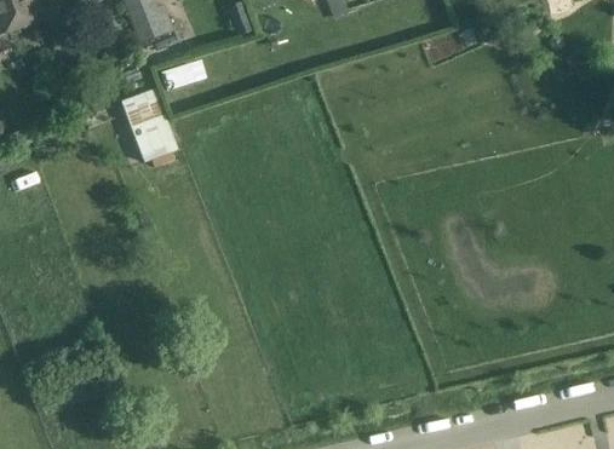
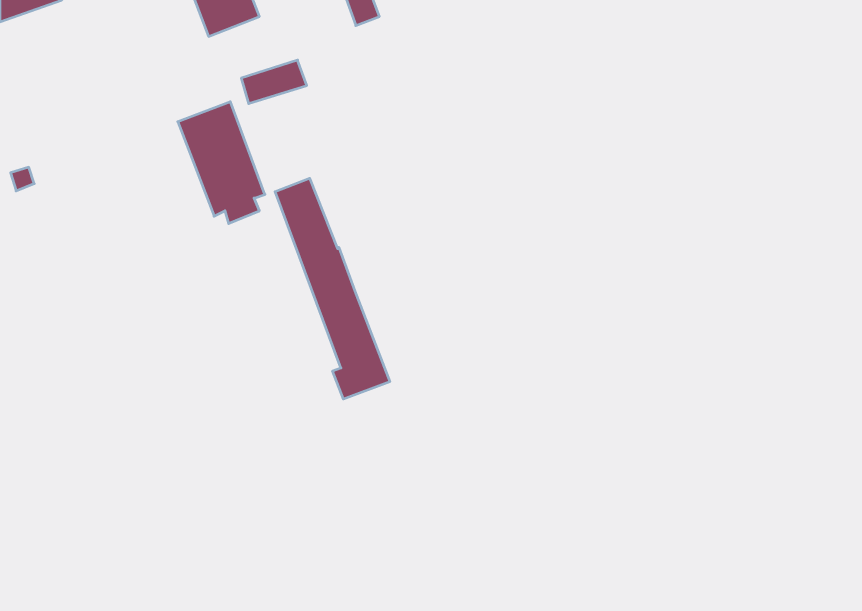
building: none -> [275,178,390,399]

